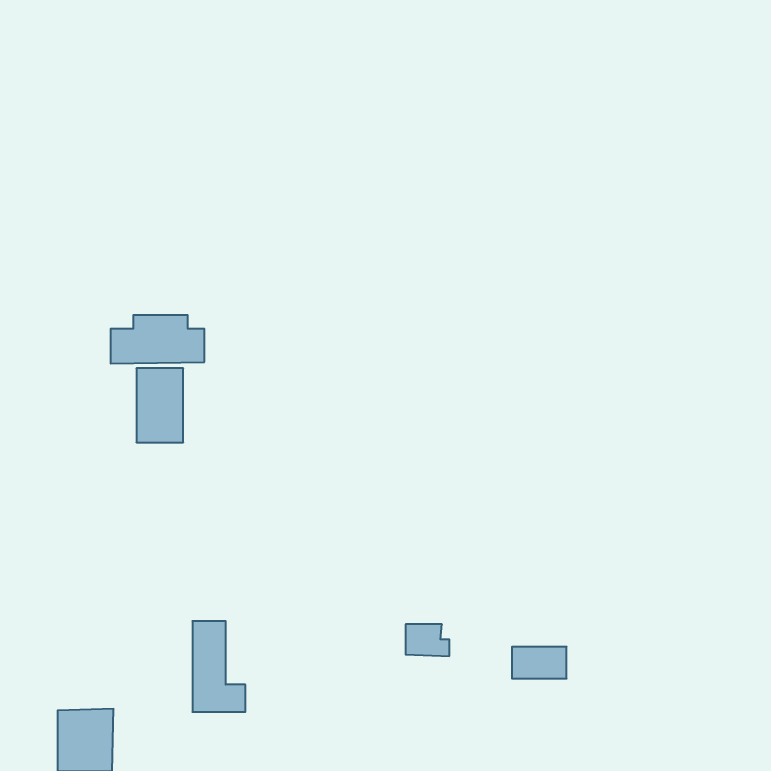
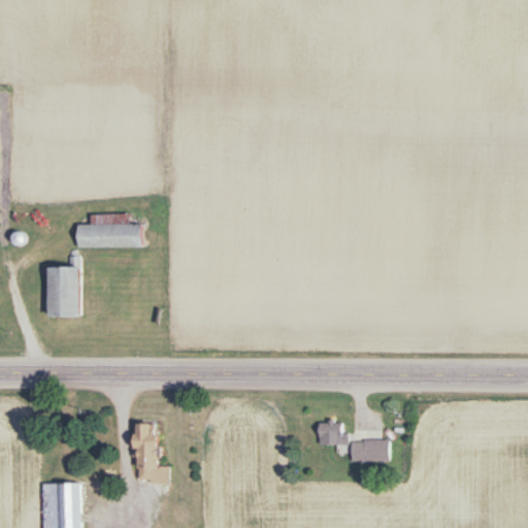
building: [136,368,183,442] -> [47,267,79,318]
building: [406,624,449,656] -> [318,423,348,444]

